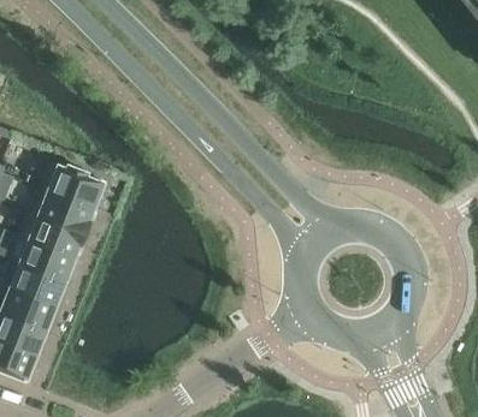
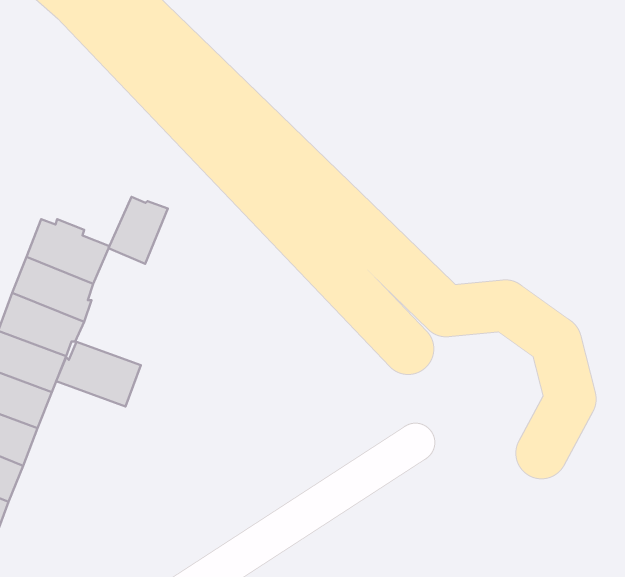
building: none -> [109,197,168,264]
building: none -> [56,342,141,407]

